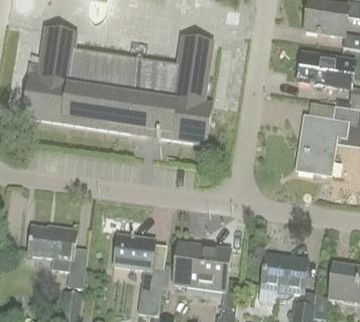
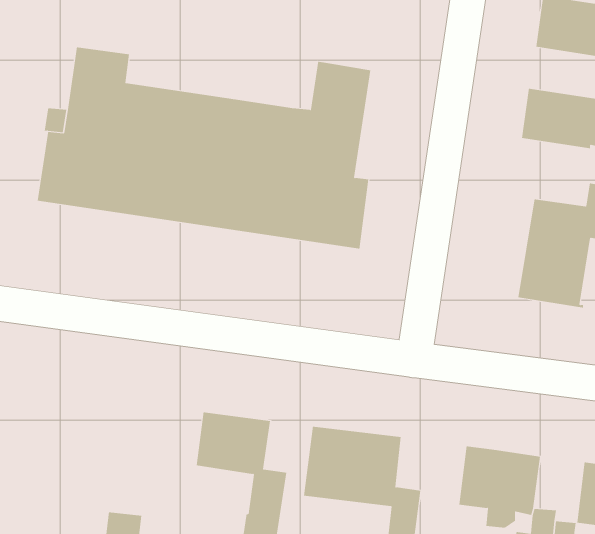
building: [27,224,86,287] -> none

